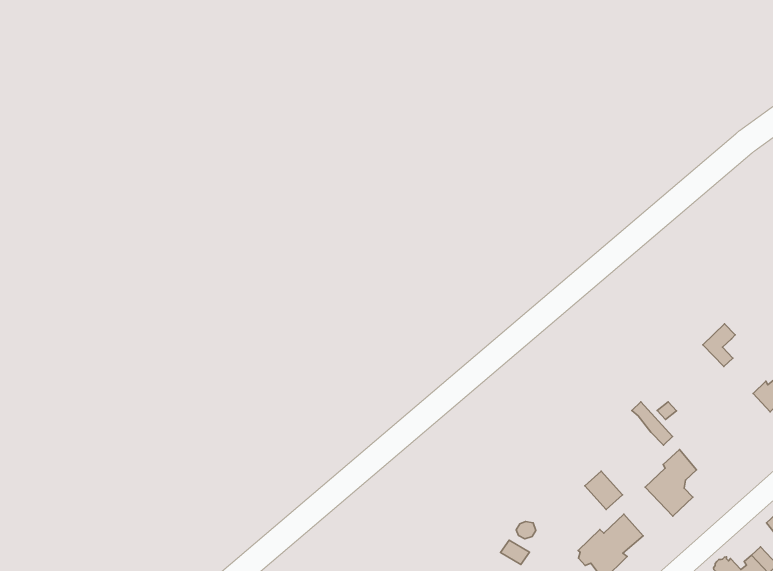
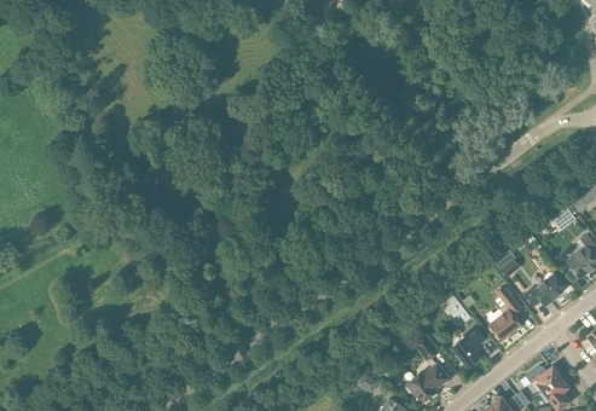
building: none -> [490,286,521,341]

